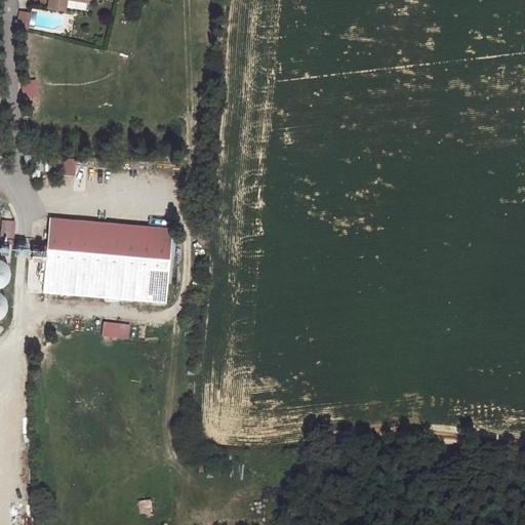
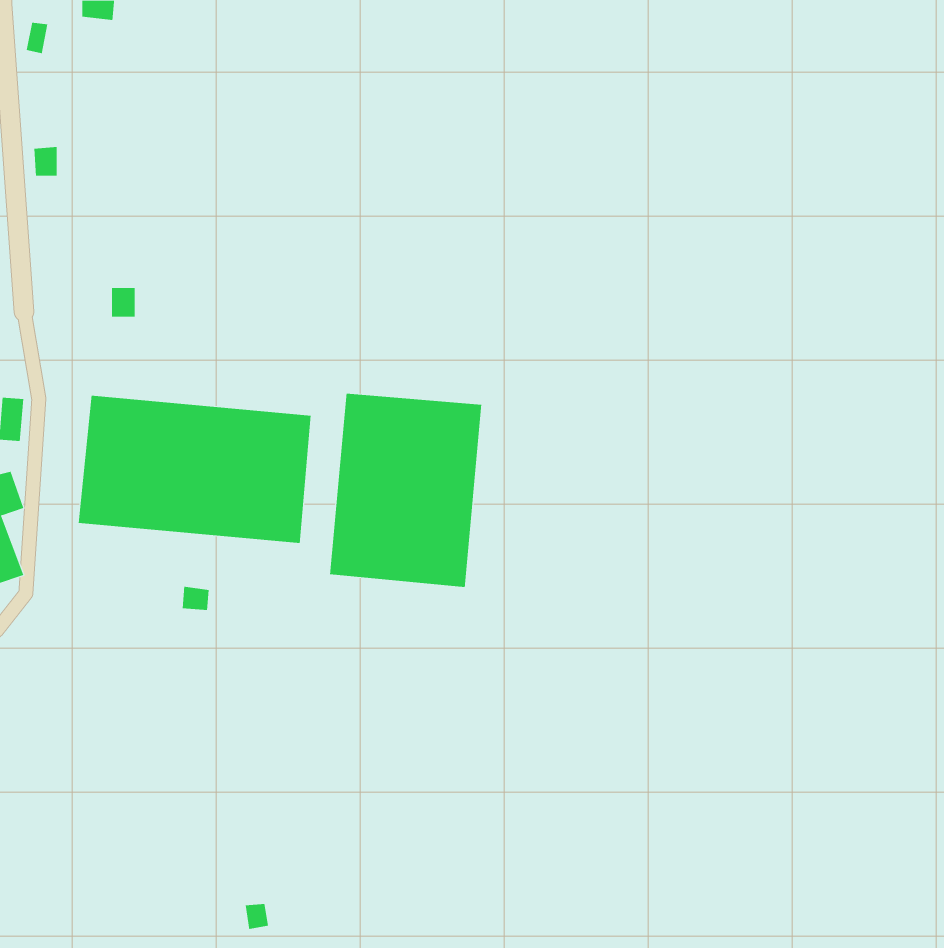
building: none -> [330,393,482,588]

